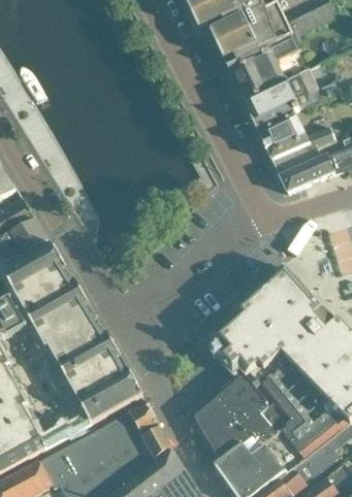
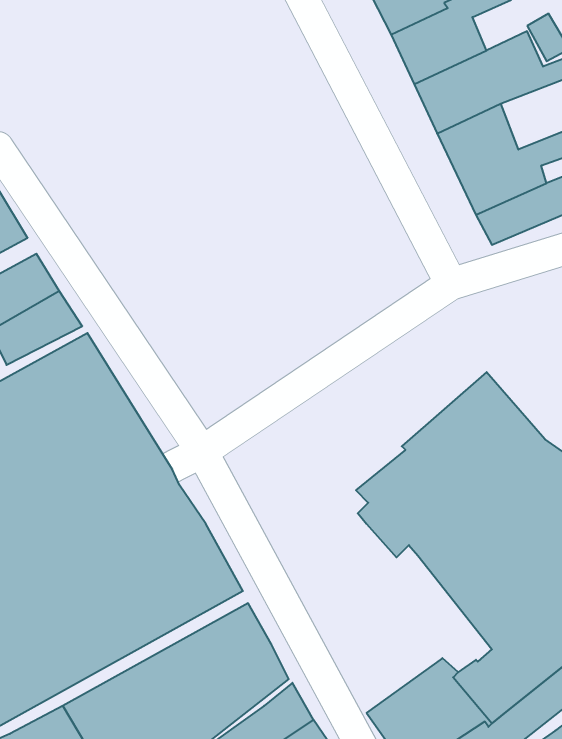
building: [194,375,288,467] -> none

